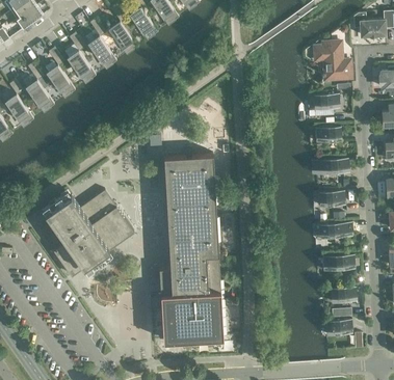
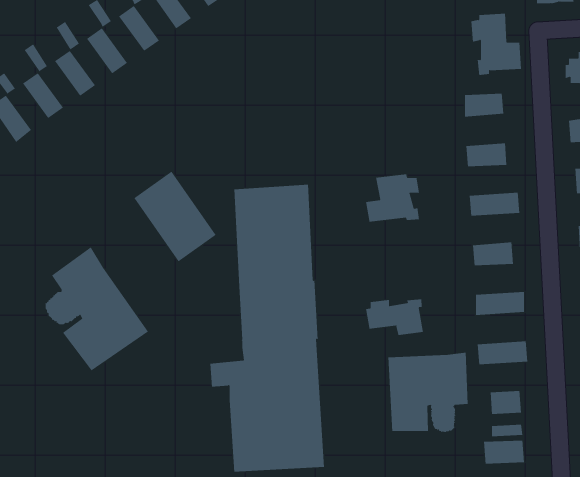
building: none -> [365,174,419,223]
building: [80,190,134,249] -> [133,171,217,262]
building: none -> [366,299,424,336]
building: none -> [388,352,468,433]

